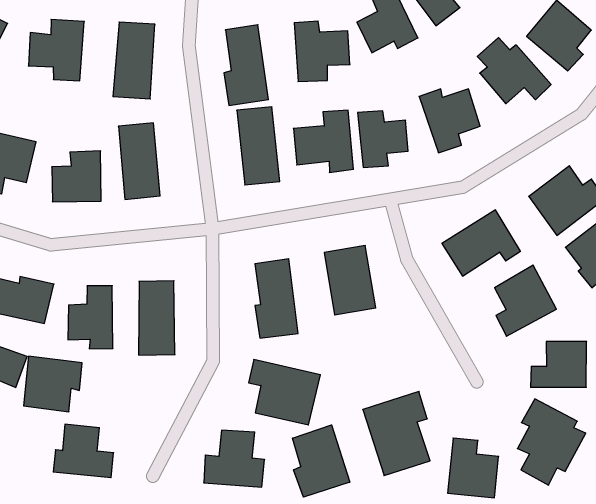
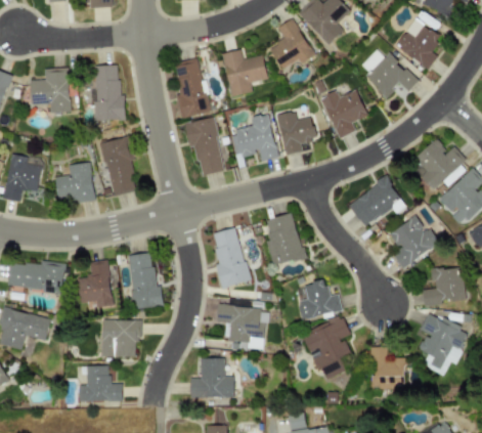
building: none -> [298,279,342,319]
building: [24,356,82,412] -> [101,319,141,357]
building: [293,425,350,497] -> none

